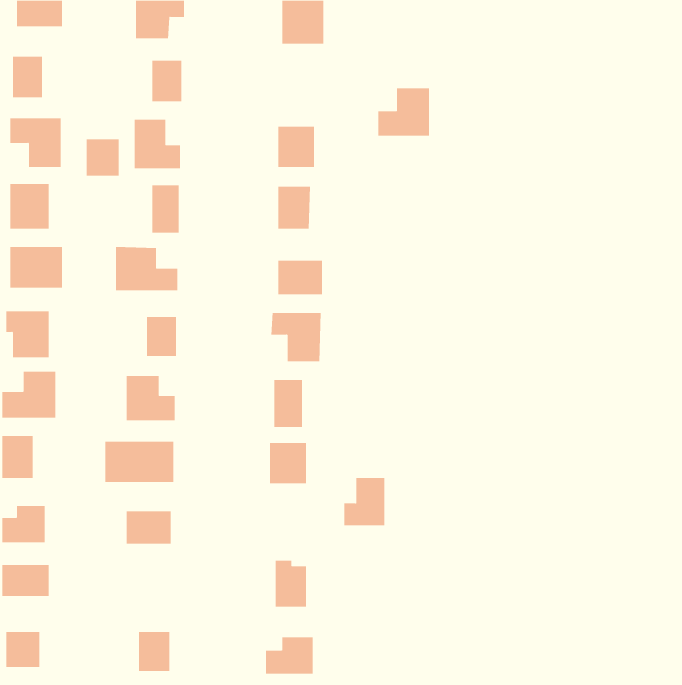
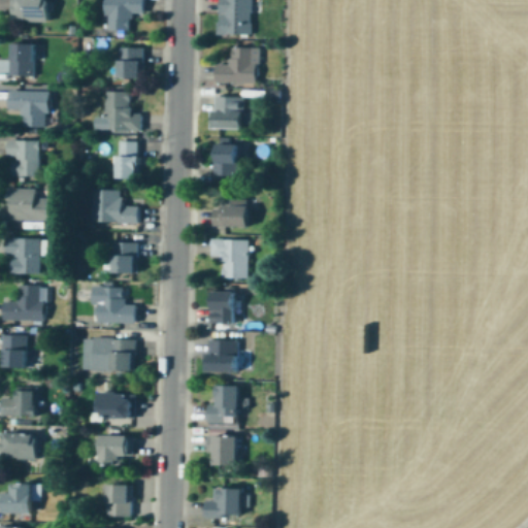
building: [378,88,430,136] -> [214,46,255,84]
building: [86,138,119,176] -> none
building: [344,478,385,526] -> [206,386,238,423]
building: none -> [100,436,130,464]

